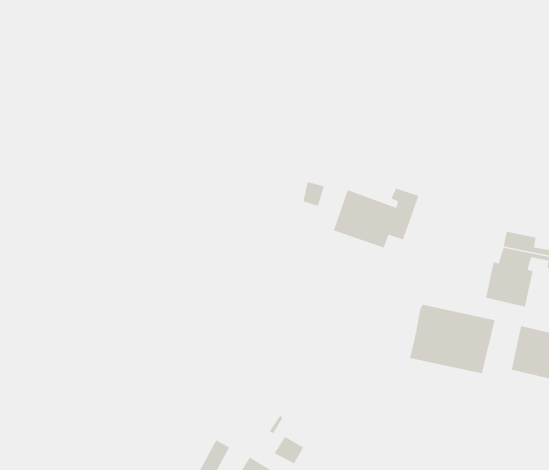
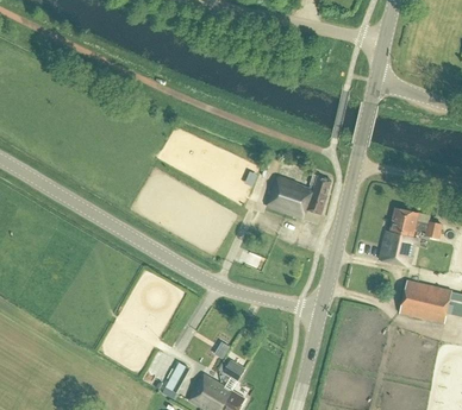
building: [409,304,496,374] -> none

